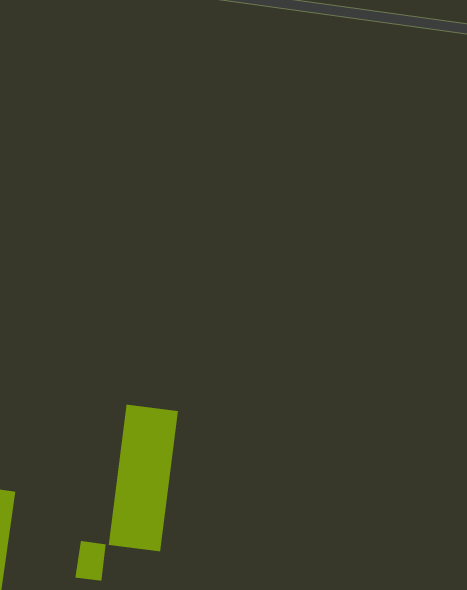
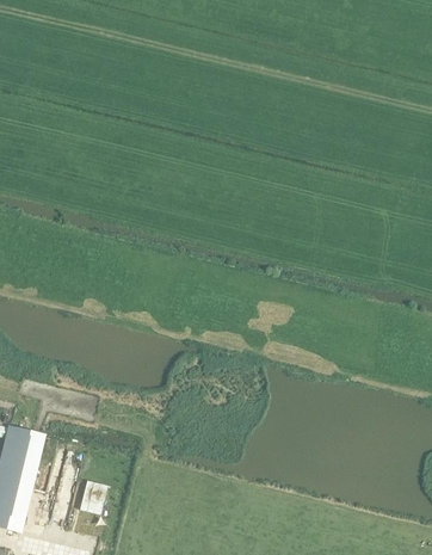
building: [108,404,178,552] -> none

